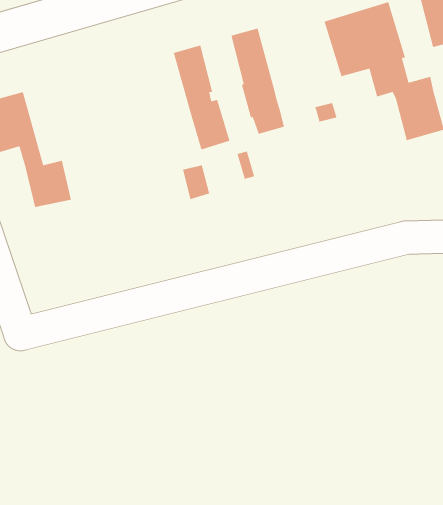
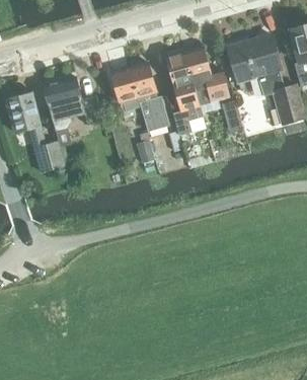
building: none -> [185,46,229,102]
building: none -> [111,67,141,120]
building: none -> [44,77,101,132]

